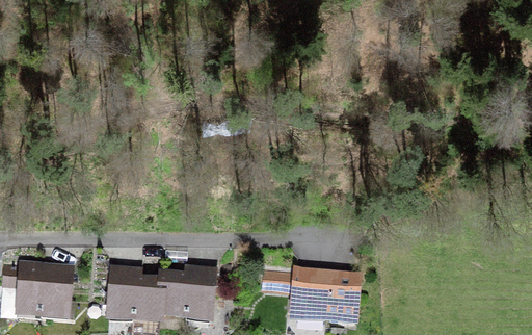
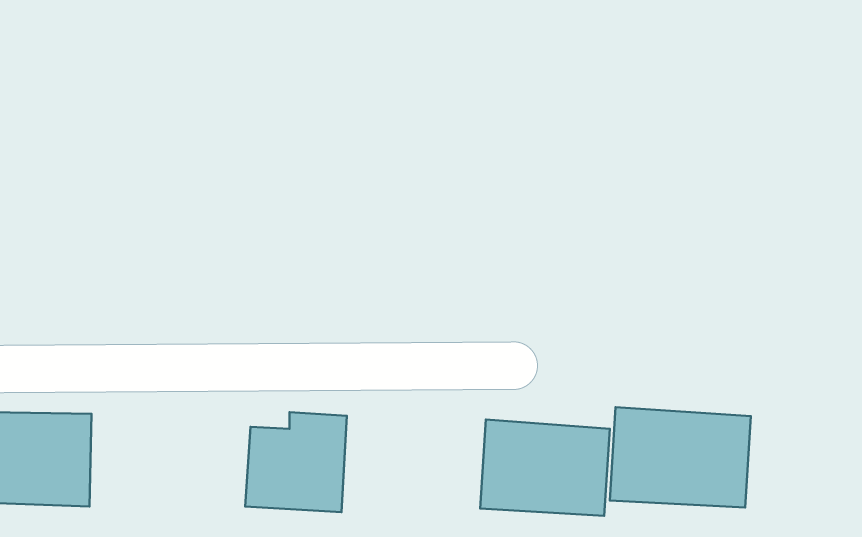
building: none -> [610,407,751,507]
building: [105,267,162,321] -> none

